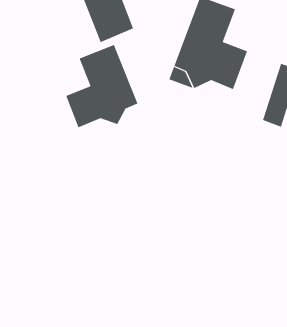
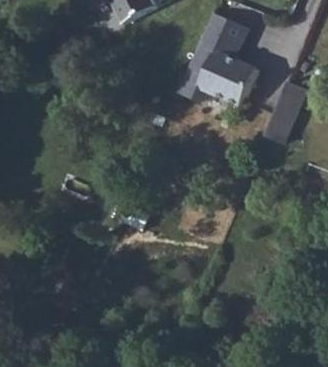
building: [65,44,138,128] -> none

